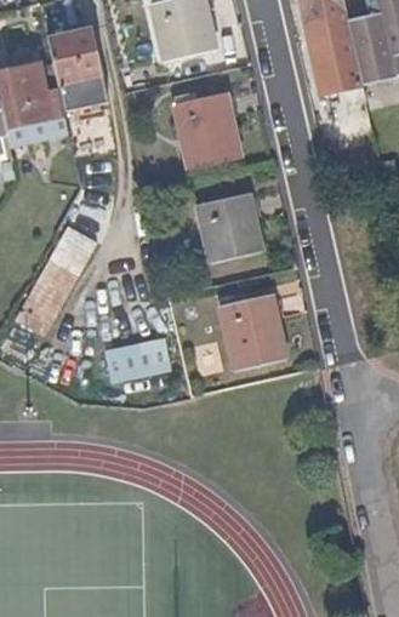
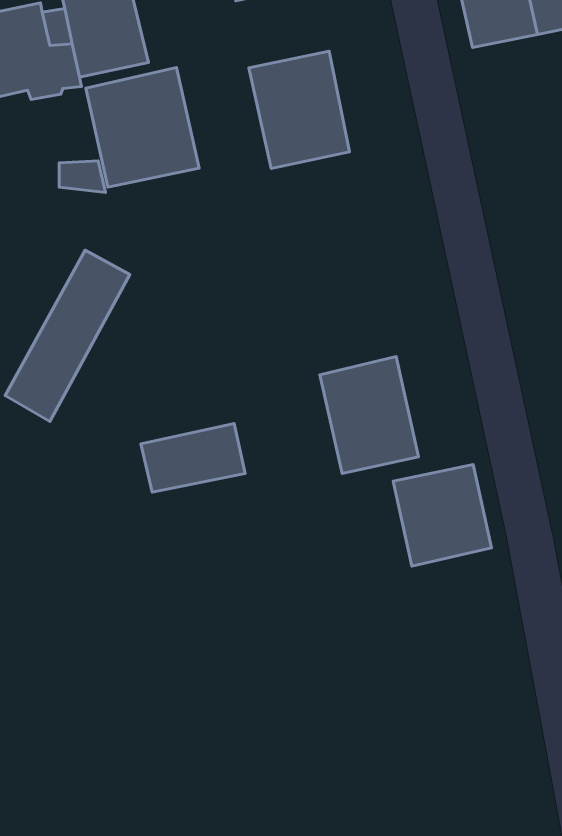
building: none -> [86,67,199,187]
building: [198,194,261,262] -> none
building: none -> [393,465,492,566]

